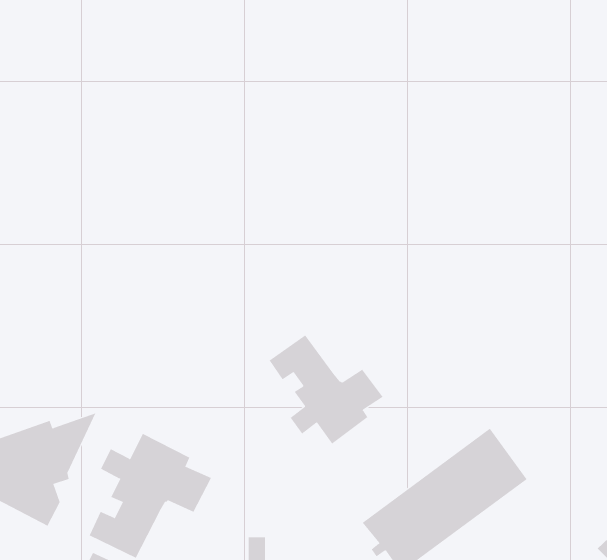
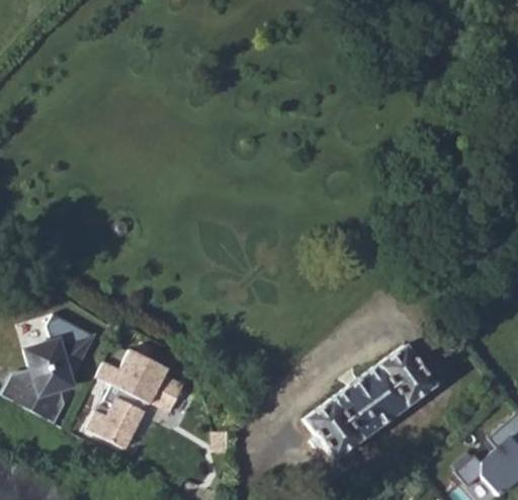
building: [269,334,383,444] -> none

